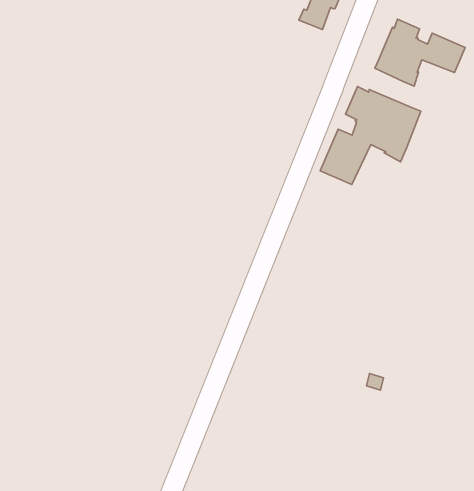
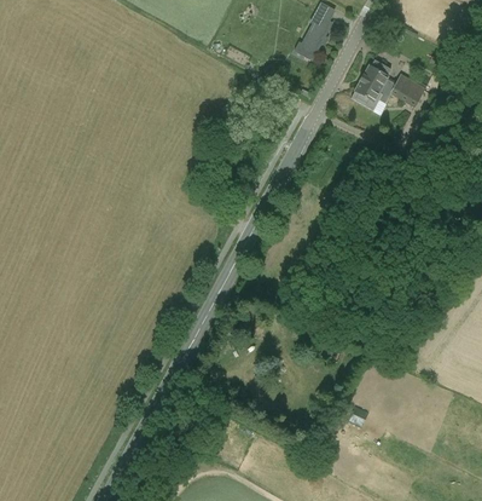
building: [320,86,421,185] -> none

